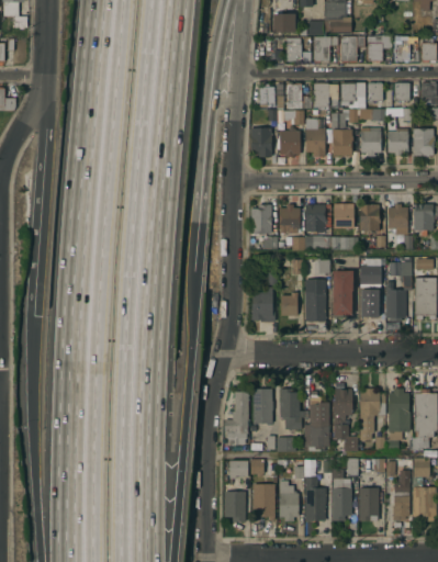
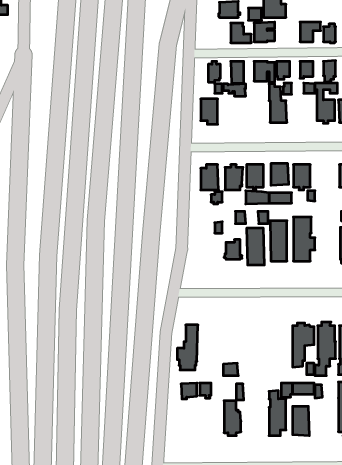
building: [340,37,364,61] -> none
building: [306,119,325,156] -> none
building: [280,127,300,156] -> none
building: [361,127,381,156] -> none
building: [389,203,408,232] -> none
building: [386,257,412,322] -> none
building: [251,286,273,322] -> none
building: [252,389,272,424] -> none
building: [280,389,303,429] -> none
building: [333,389,357,451] -> none
building: [305,392,328,451] -> none
building: [393,471,409,527] -> none
building: [305,476,326,521] -> none
building: [250,484,276,520] -> none
building: [224,492,245,521] -> none

